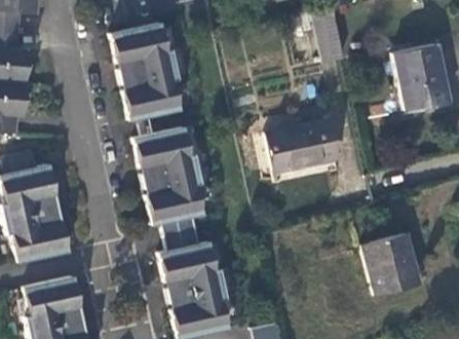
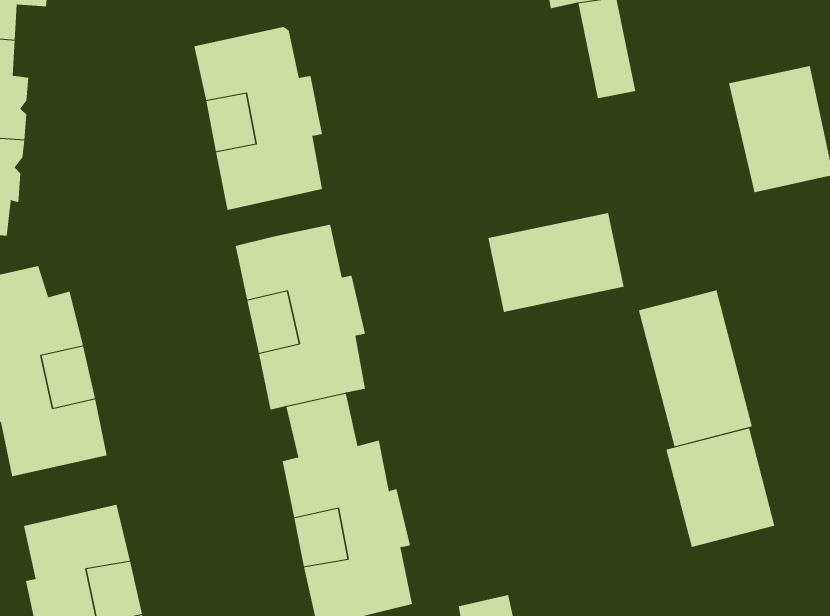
building: none -> [638,290,753,447]

